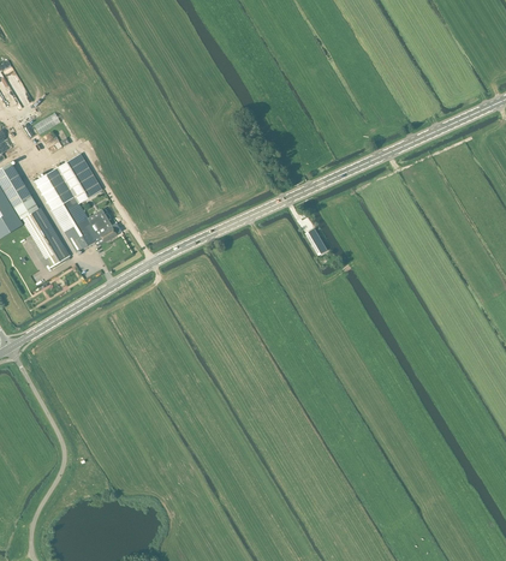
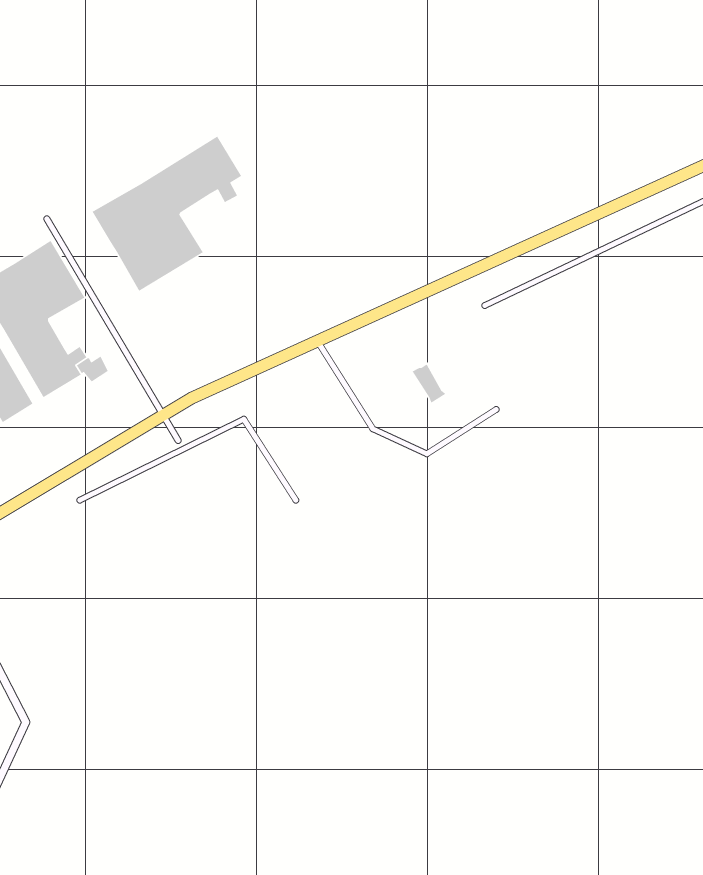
building: none -> [91,135,242,292]

